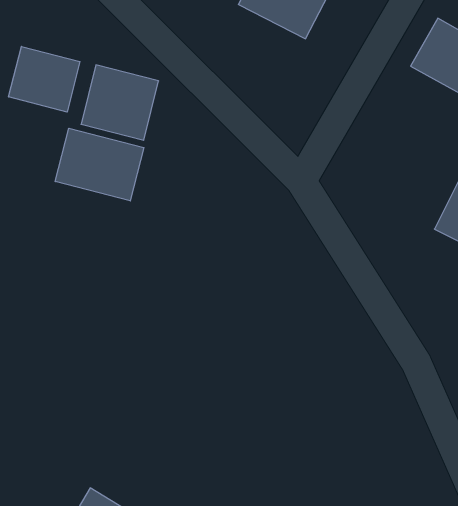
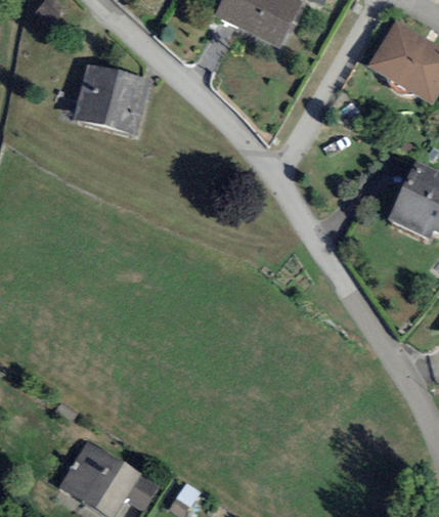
building: [9,46,80,112] -> none
building: [55,128,144,201] -> none

